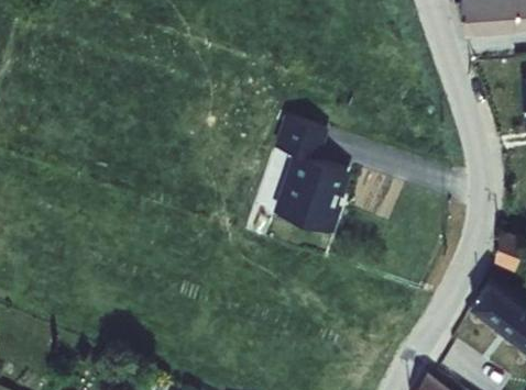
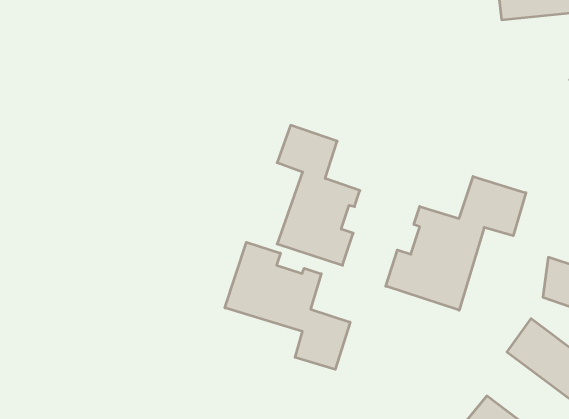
building: none -> [386,176,526,310]
building: none -> [225,242,350,369]

